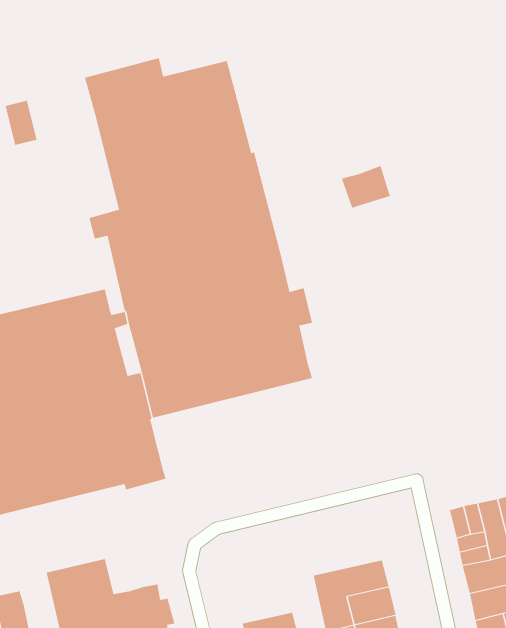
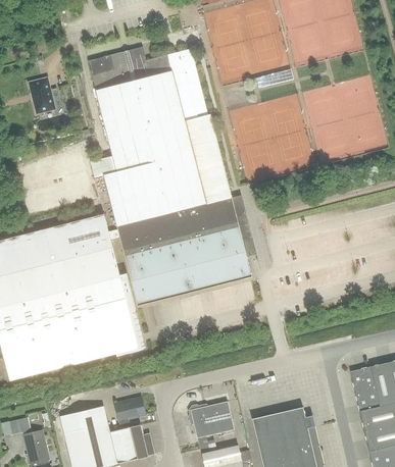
building: [341,165,391,208] -> none
building: none -> [114,398,143,428]
building: none -> [189,400,234,437]

